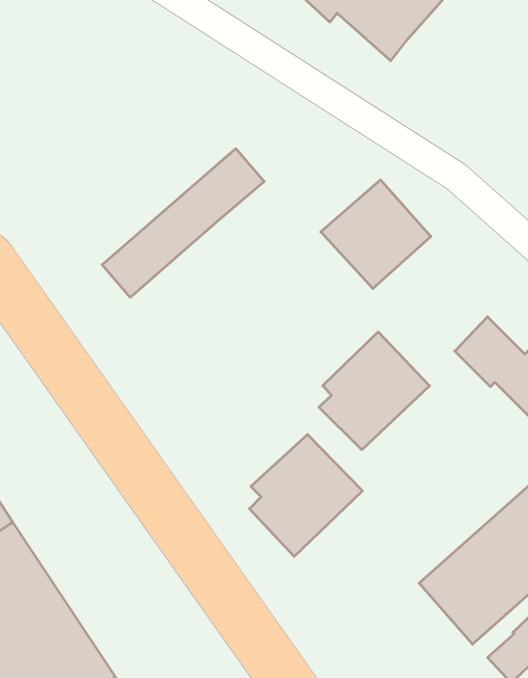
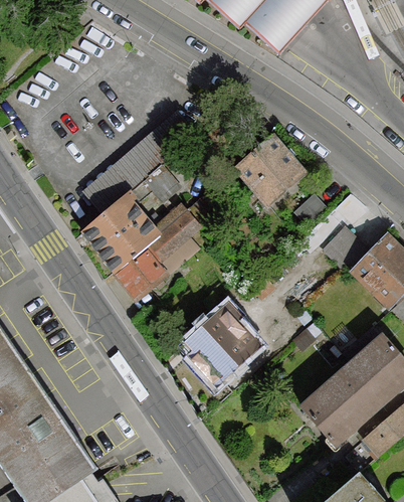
building: none -> [79,162,213,299]
building: [319,332,430,450] -> none

